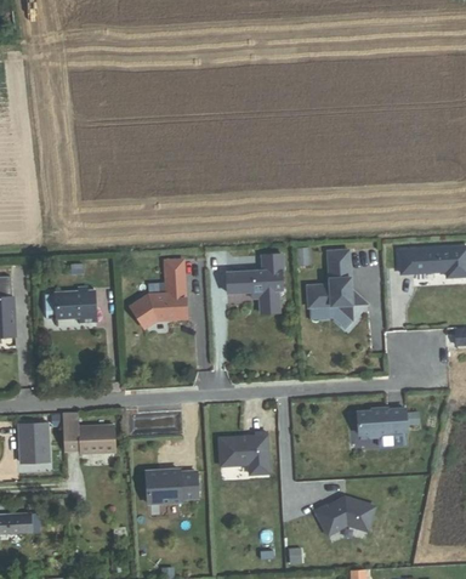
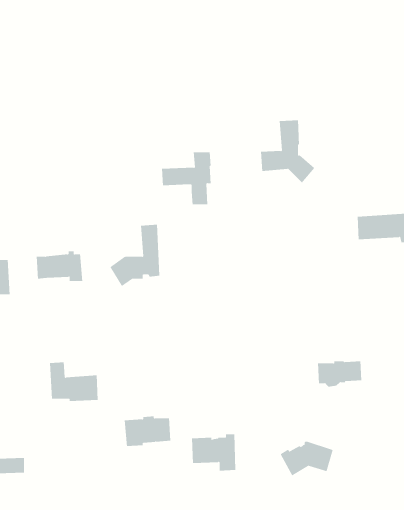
building: [306,250,366,320] -> [260,120,315,184]
building: [225,254,280,312] -> [161,152,212,205]
building: [16,421,49,462] -> none
building: [217,433,267,475] -> [191,434,236,471]

